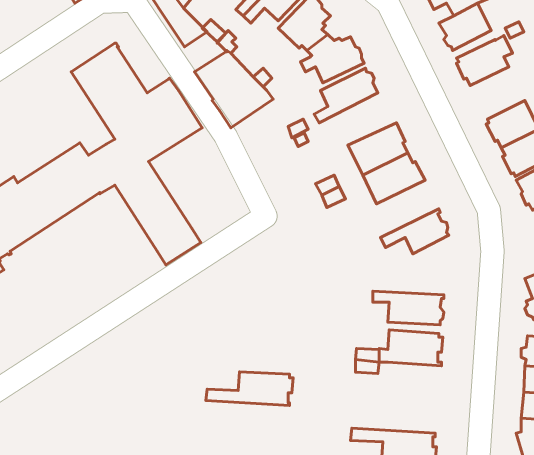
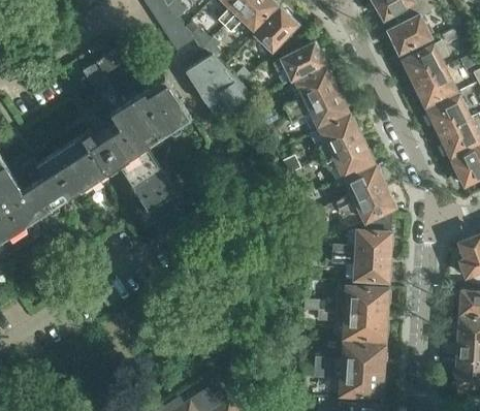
building: none -> [413,67,457,107]
building: none -> [288,89,348,130]
building: none -> [335,166,387,209]
building: none -> [332,213,393,256]
building: none -> [343,312,389,340]
building: [206,372,293,405] -> [315,343,387,371]

